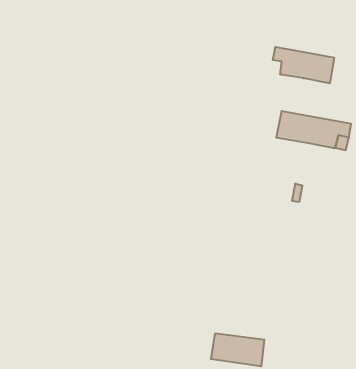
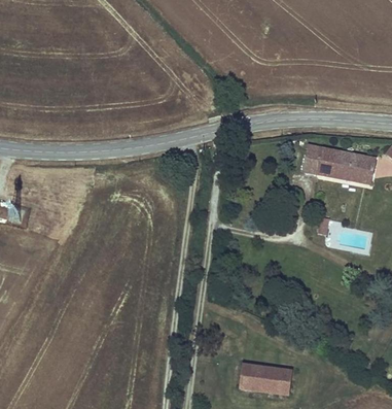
building: [273,47,334,83] -> none

